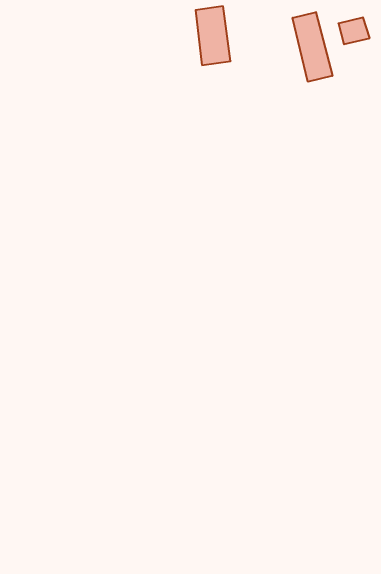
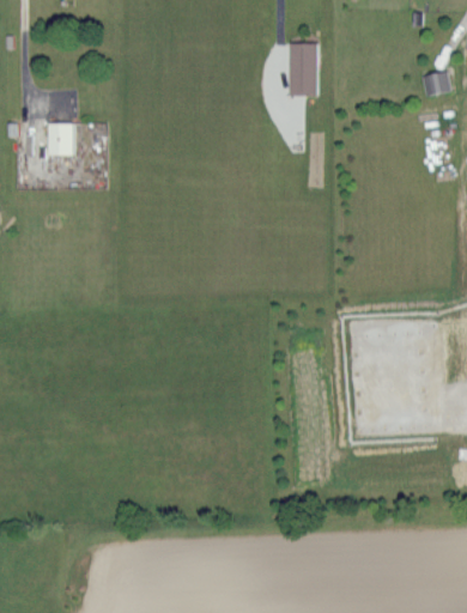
building: [293,12,332,82] -> none

